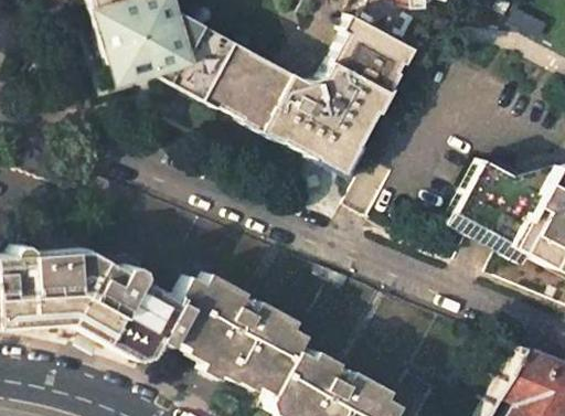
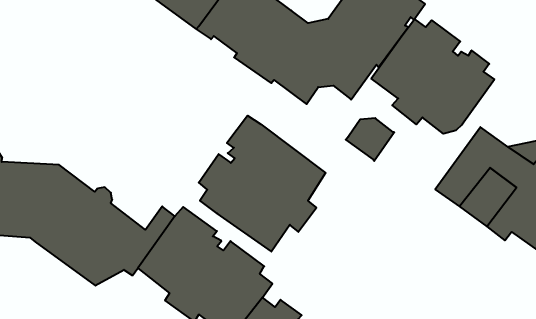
building: none -> [371,19,494,134]
building: [316,139,361,180] -> [346,118,394,161]
building: none -> [199,116,326,252]

